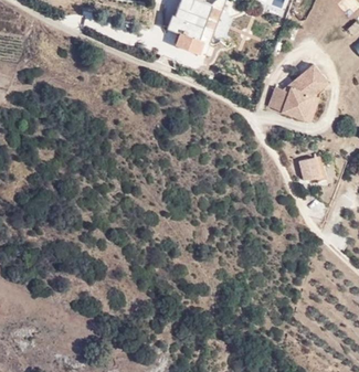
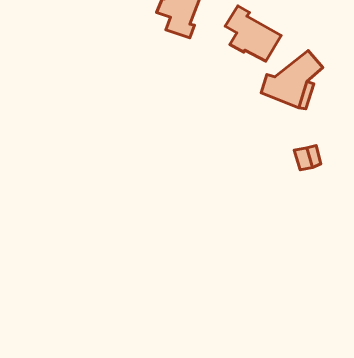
building: none -> [225,6,281,61]

